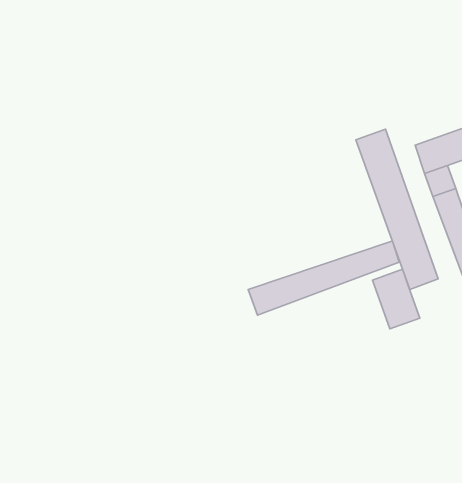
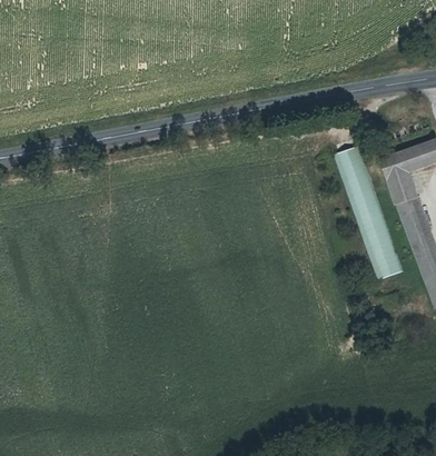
building: [248,241,399,315] -> none
building: [373,269,420,329] -> none

